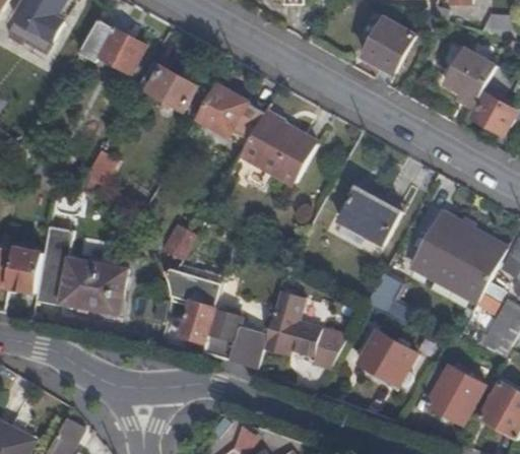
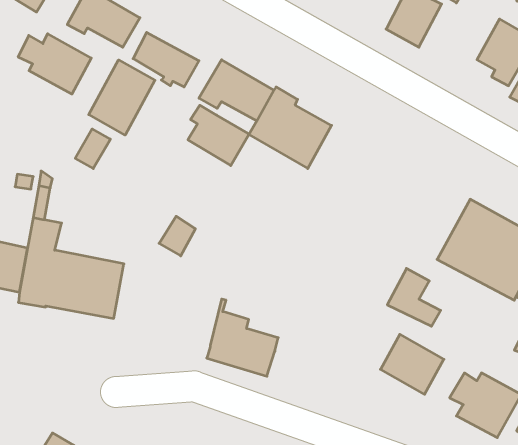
building: none -> [18,34,91,94]
building: none -> [89,60,155,135]
building: none -> [188,105,249,166]
building: [337,187,399,244] -> none
building: [161,267,221,340] -> none
building: [264,290,346,366] -> none

